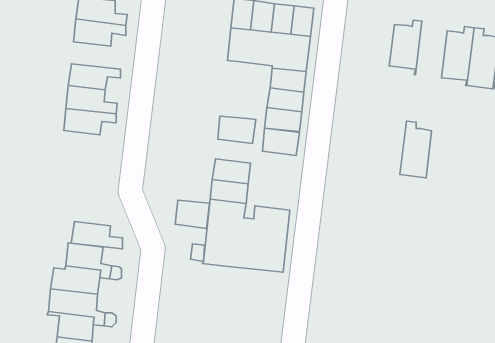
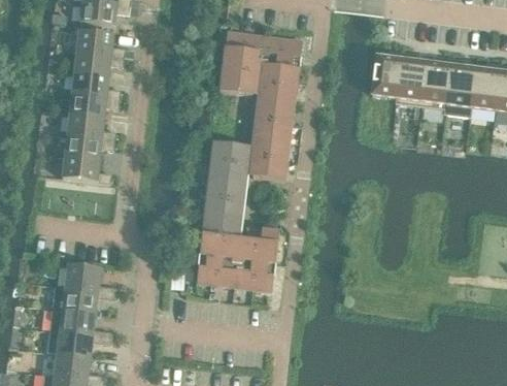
building: none -> [71,71,119,97]
building: [400,121,432,178] -> [396,52,426,105]
building: none -> [207,163,242,186]
building: [175,200,210,229] -> none
building: [71,221,122,249] -> [61,155,109,181]

